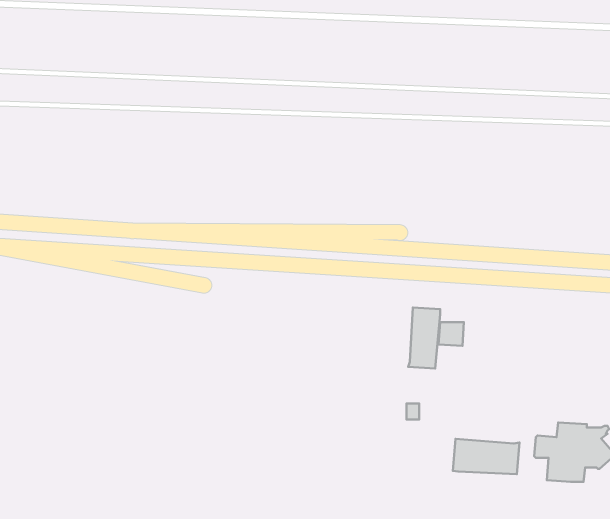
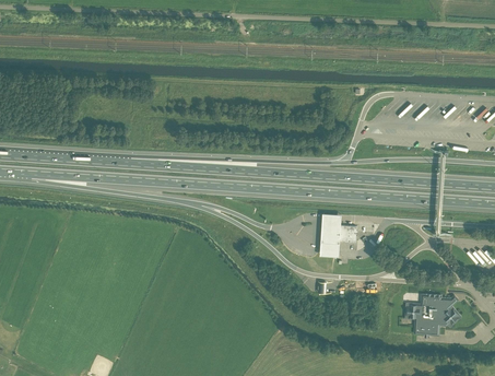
building: [453,439,519,474] -> none

